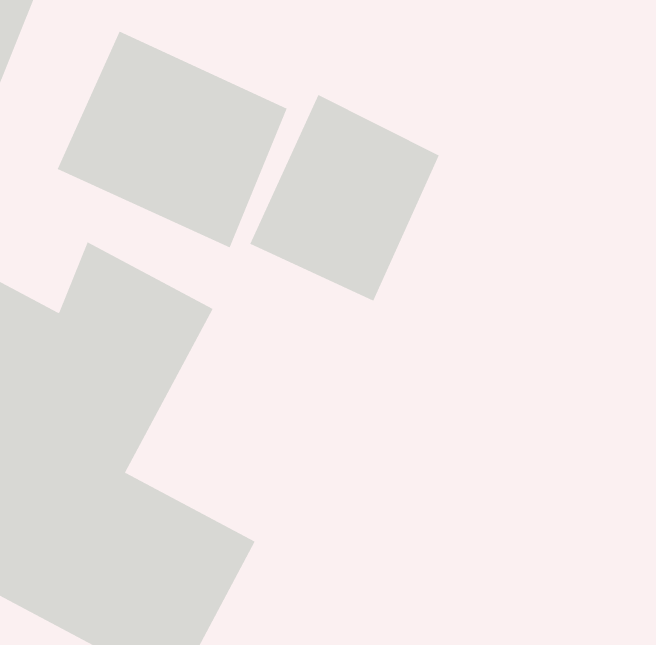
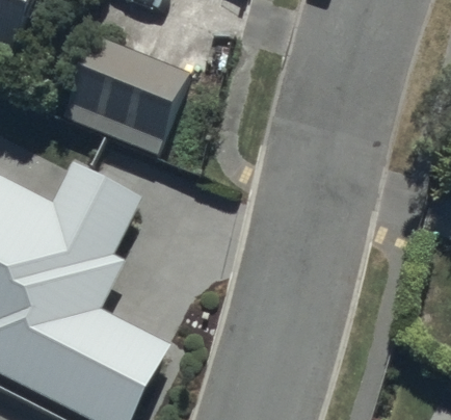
building: [250,94,440,301] -> none

